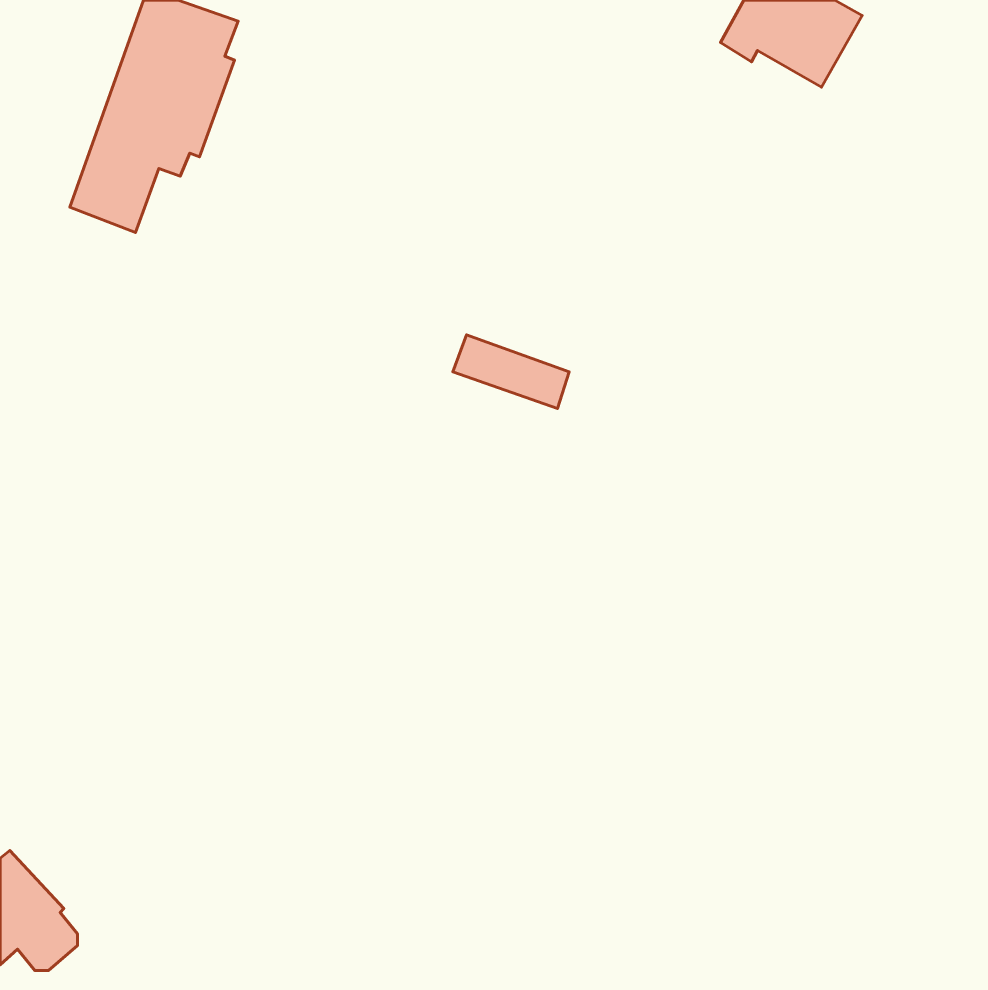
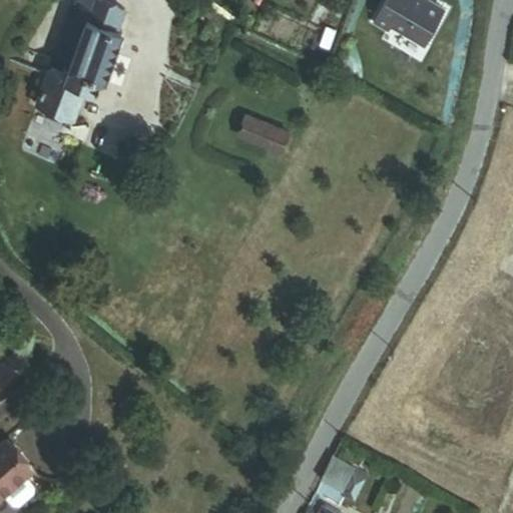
building: [453,335,569,409] -> [238,117,299,155]
building: none -> [322,462,365,507]

